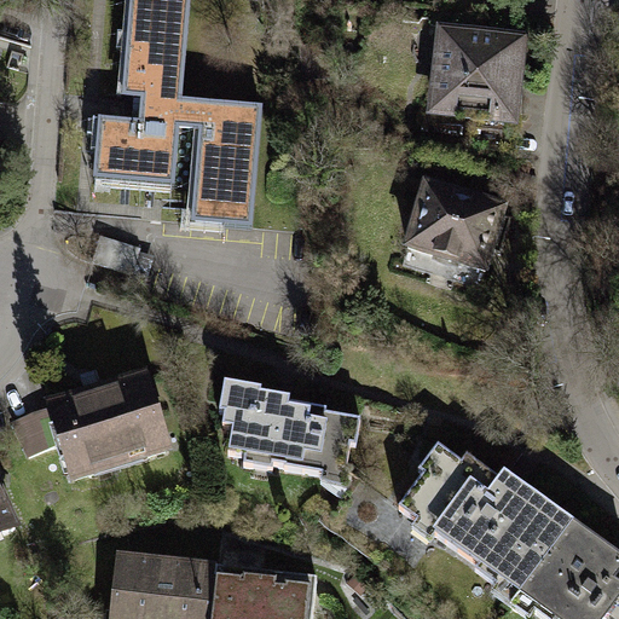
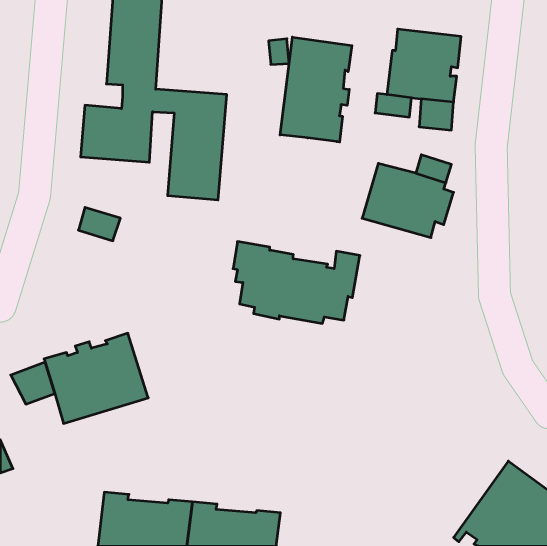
building: none -> [280,37,352,142]
building: [222,382,365,474] -> [233,242,360,323]
building: [403,445,574,604] -> none

